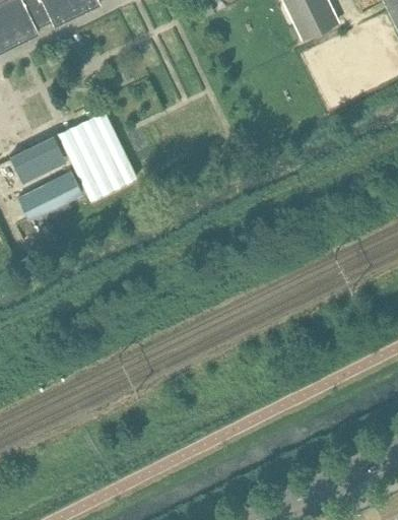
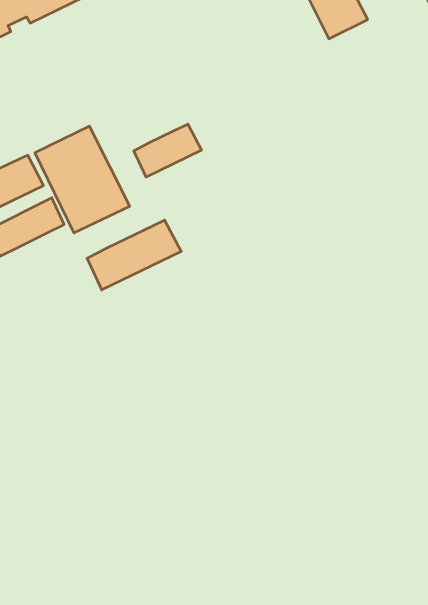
building: none -> [134,124,201,177]
building: none -> [87,220,181,290]

